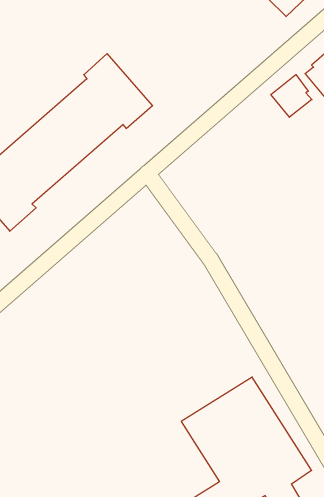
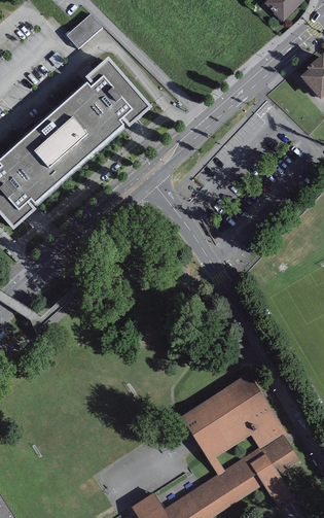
building: none -> [65,14,101,48]
building: [271,75,312,117] -> none

